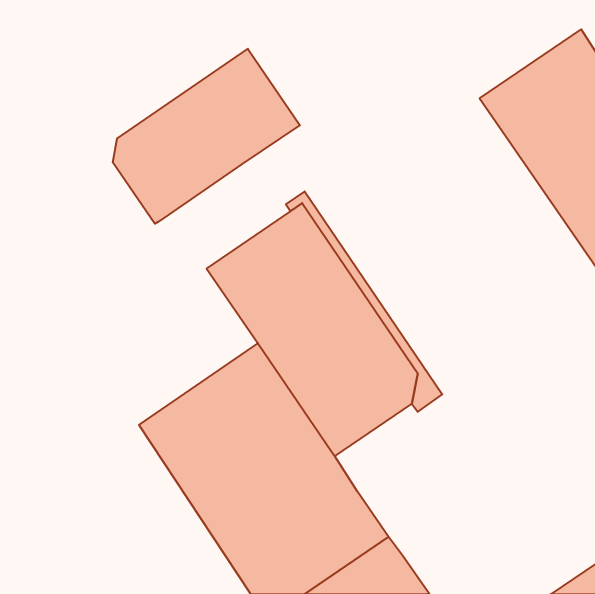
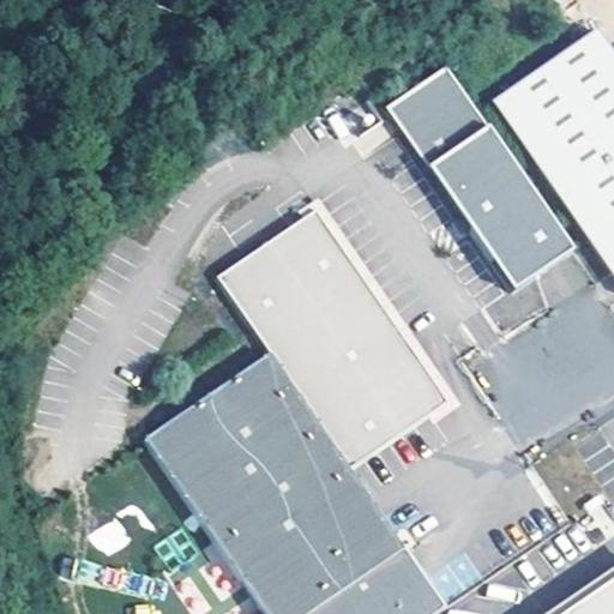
building: [113,49,300,224] -> none
building: none -> [387,65,573,290]

